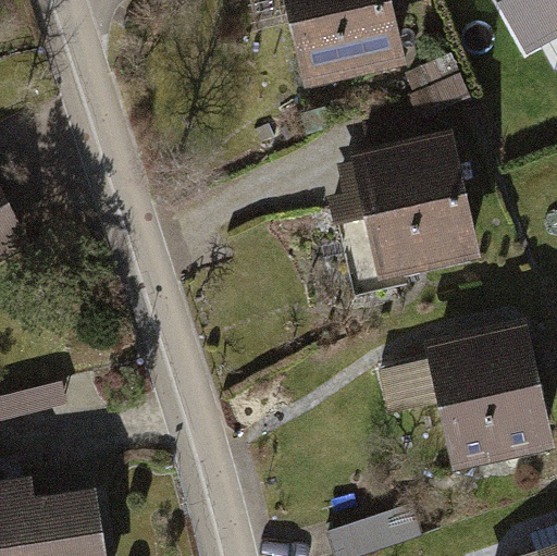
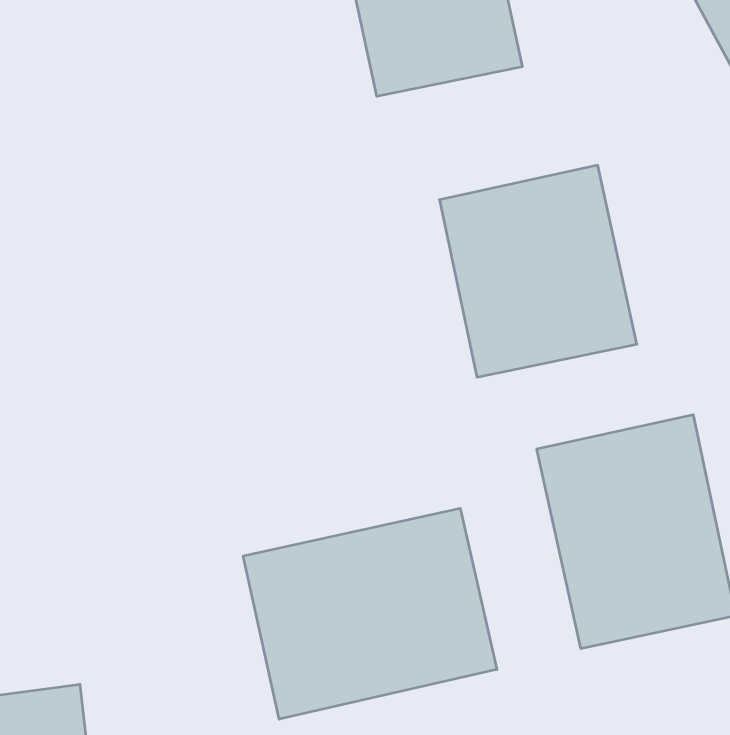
building: none -> [243,508,497,719]

